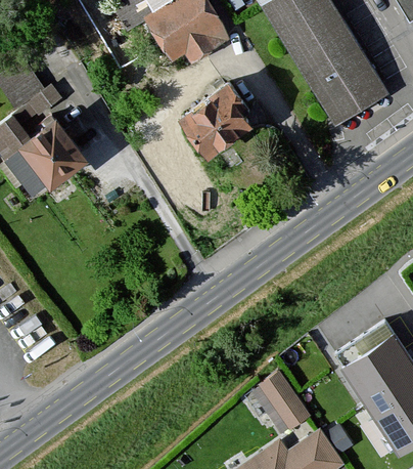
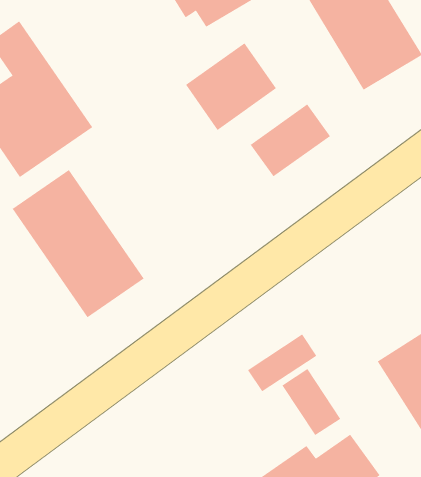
building: none -> [250,104,331,177]
building: none -> [12,169,144,318]
building: none -> [247,334,317,392]

